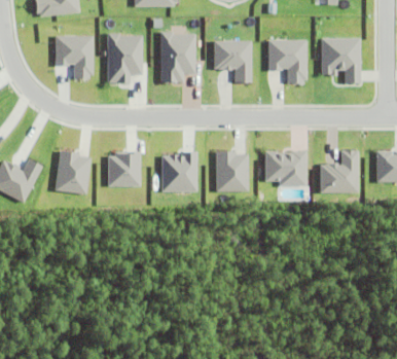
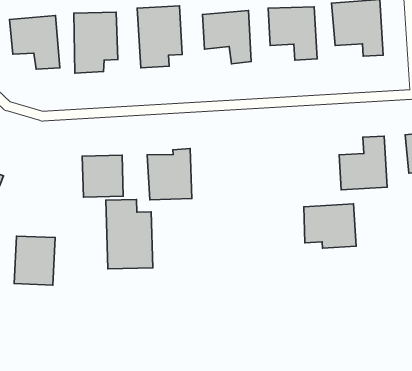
building: [264,151,306,186] -> [304,204,356,248]
building: [56,152,92,194] -> [14,236,55,285]
building: [216,152,248,192] -> none
building: none -> [106,199,153,269]

